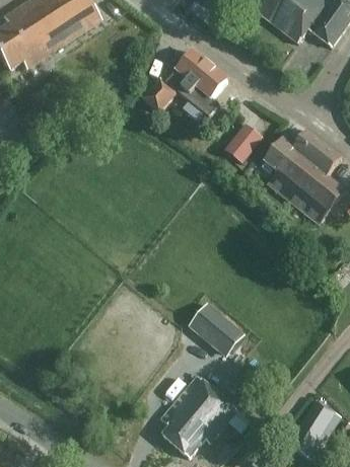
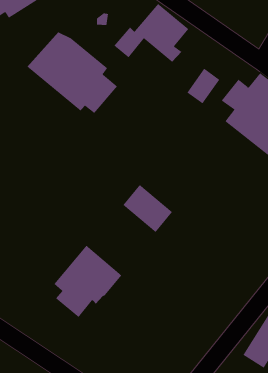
building: none -> [26,31,118,114]
building: [189,303,246,358] -> [122,184,173,233]
building: [161,375,238,457] -> [54,245,122,318]

